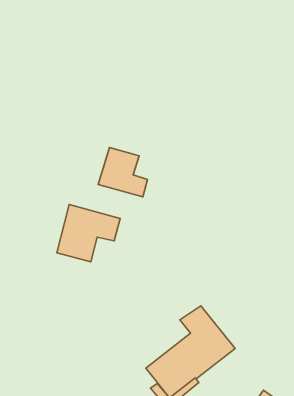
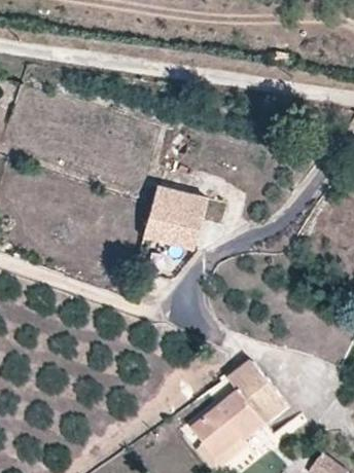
building: [57,204,120,262] -> none

